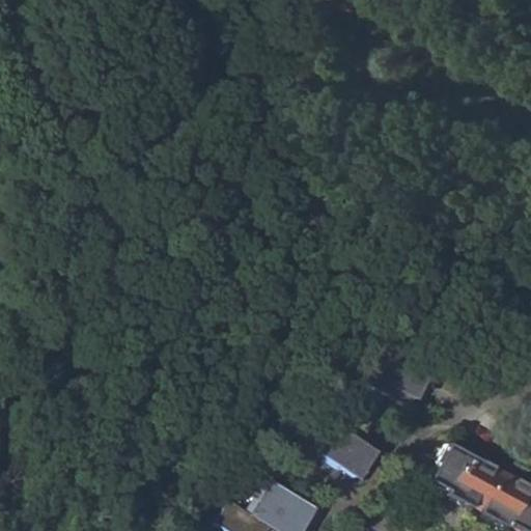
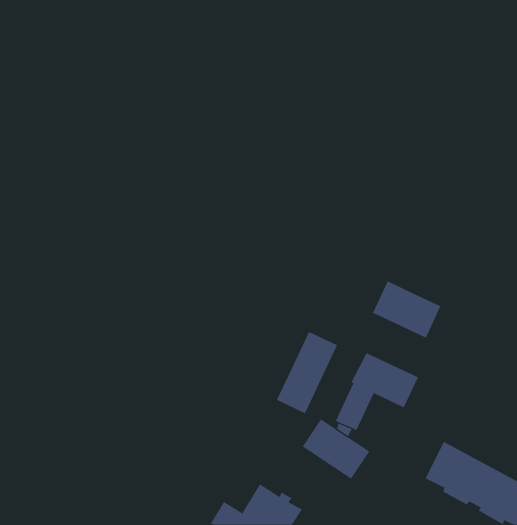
building: none -> [372,281,441,338]
building: none -> [276,331,338,414]

